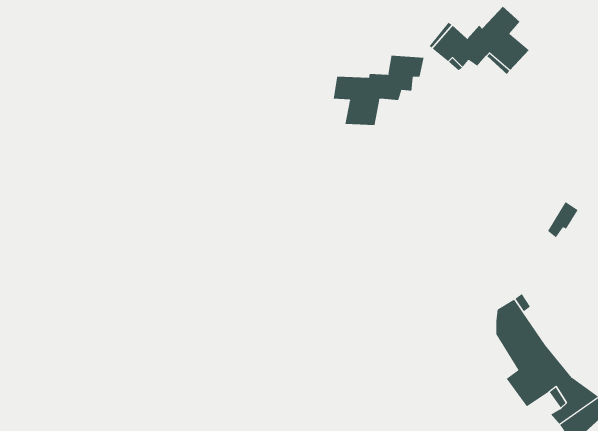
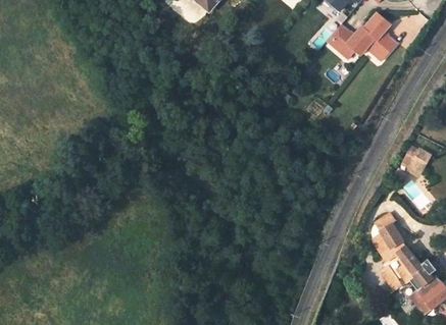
building: [333,55,424,126] -> none

